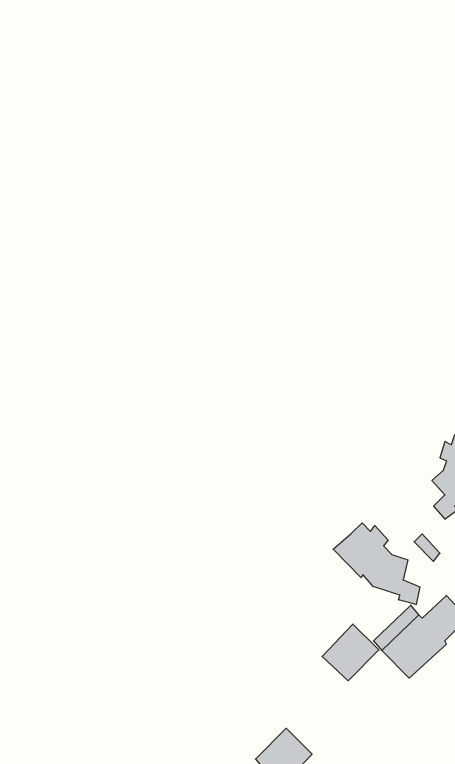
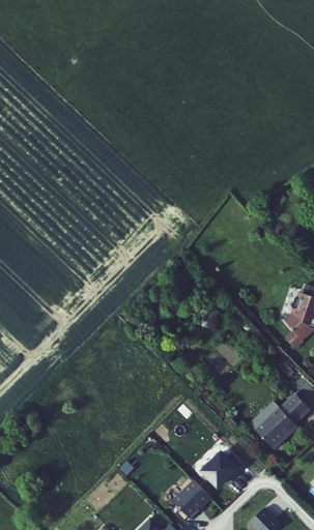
building: [333,523,420,605] -> none
building: [322,624,379,681] -> [202,448,238,484]

